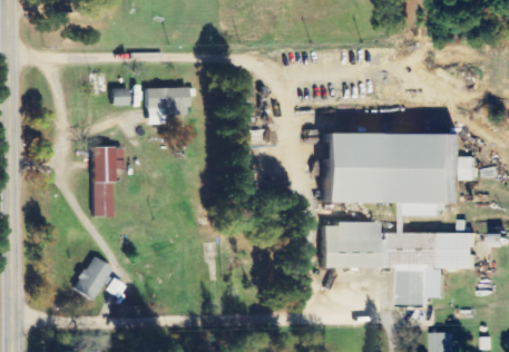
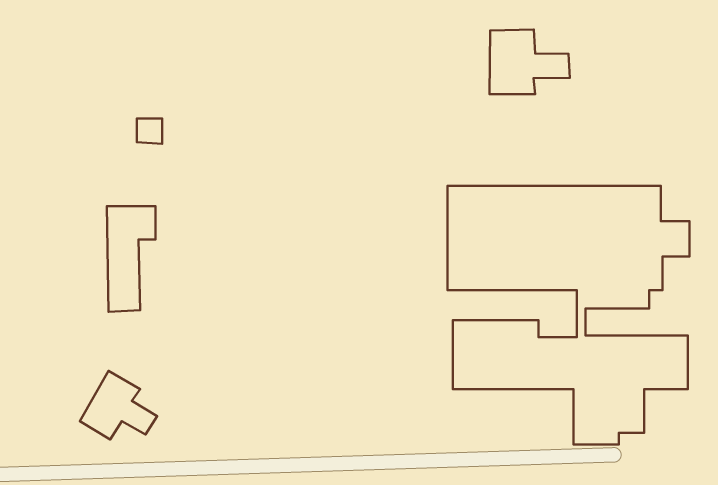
building: none -> [489,30,570,94]
building: [145,87,187,124] -> none

